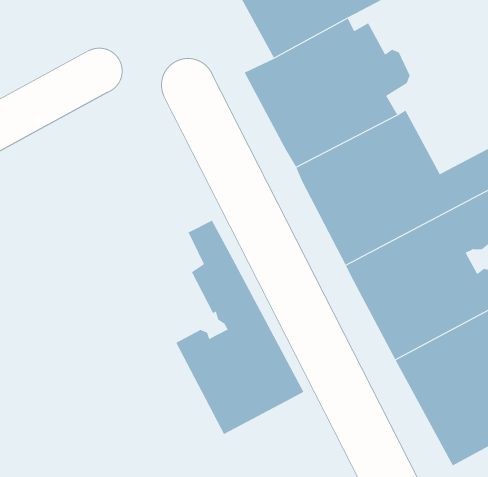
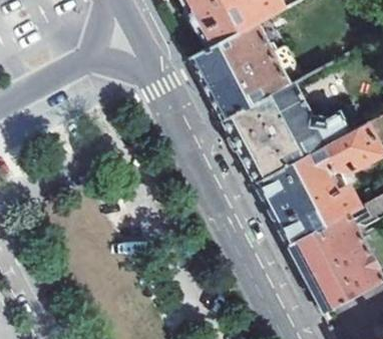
building: [176,220,304,435] -> none

